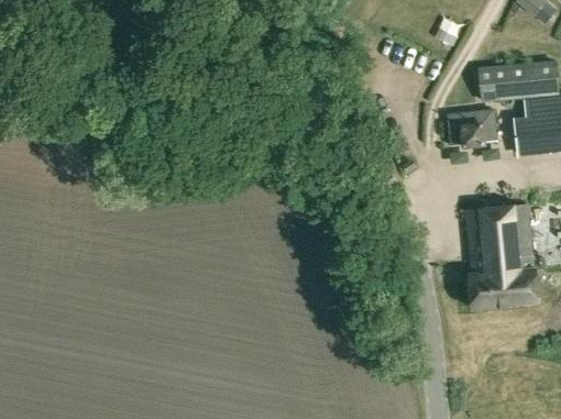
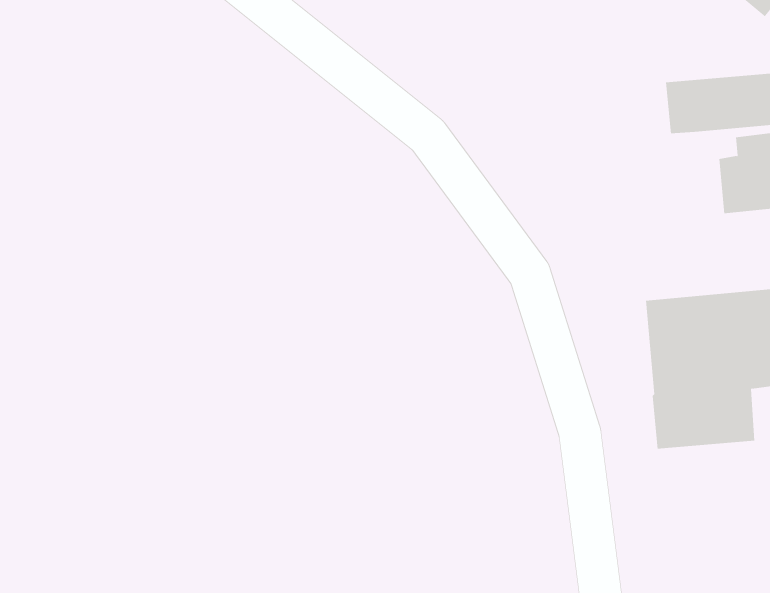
building: [448,111,497,146] -> none

